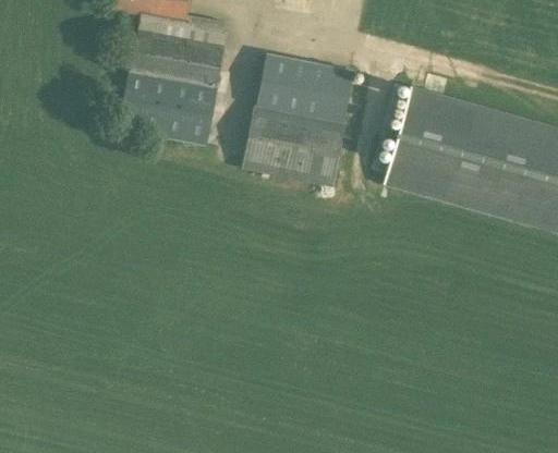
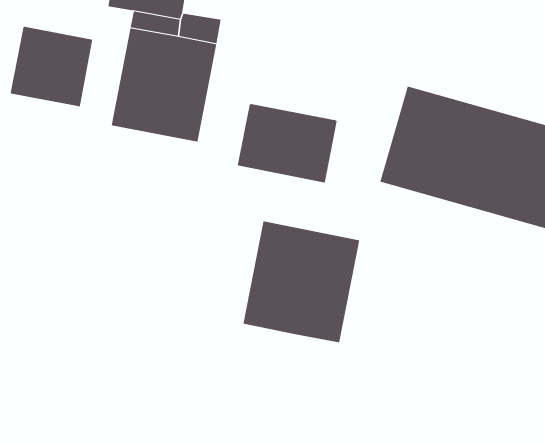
building: none -> [10,26,93,107]
building: [257,54,353,122] -> none
building: none -> [243,221,360,343]

